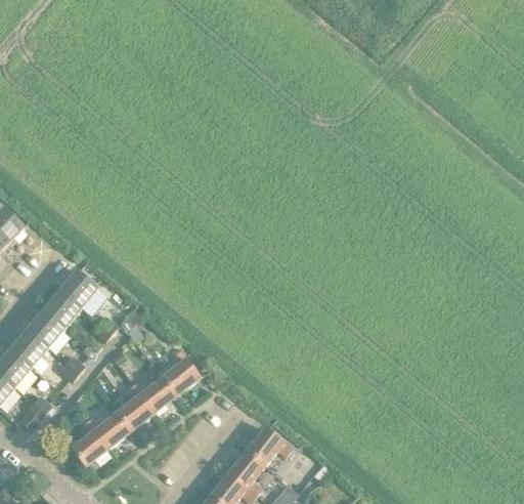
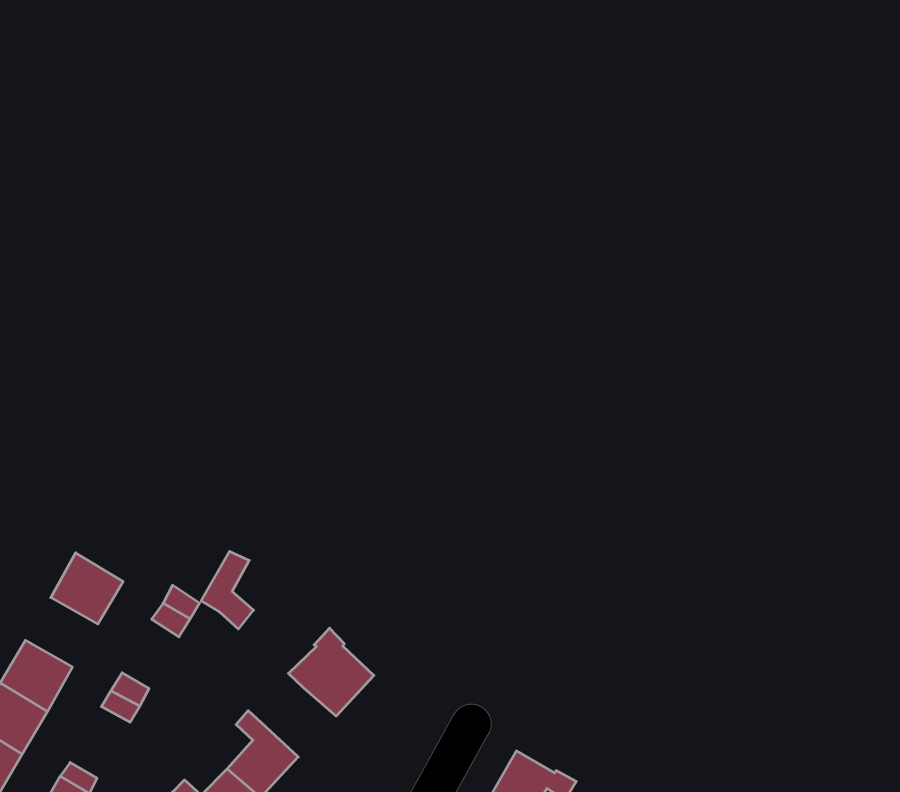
building: [58,270,97,309] -> none
building: [26,311,63,348] -> none
building: [132,378,176,413] -> none

